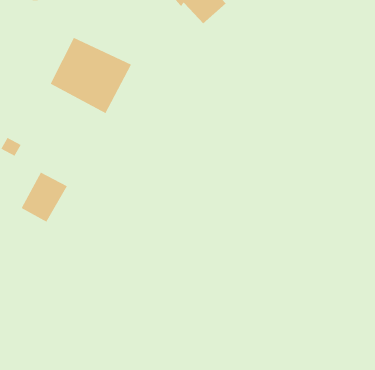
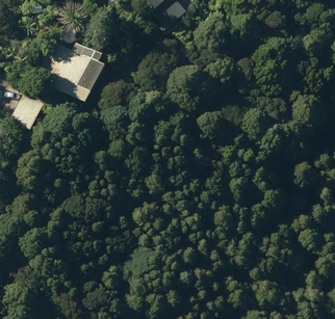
building: [21,172,68,222] -> [8,87,46,128]

